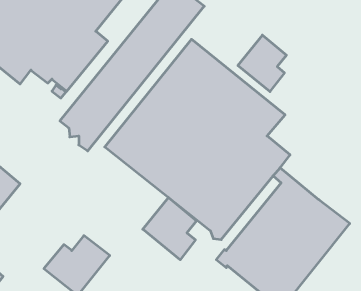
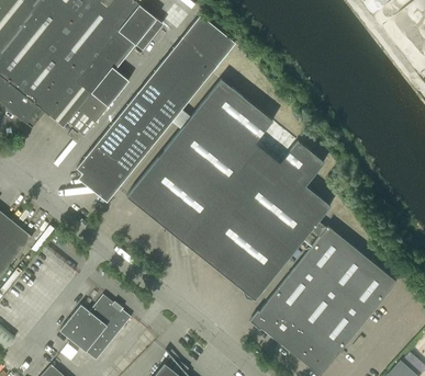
building: [238,35,286,92] -> none
building: [143,197,197,260] -> none

